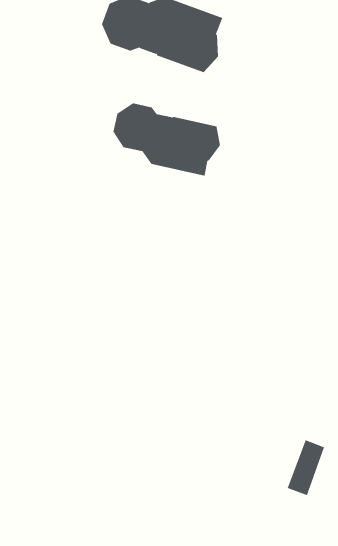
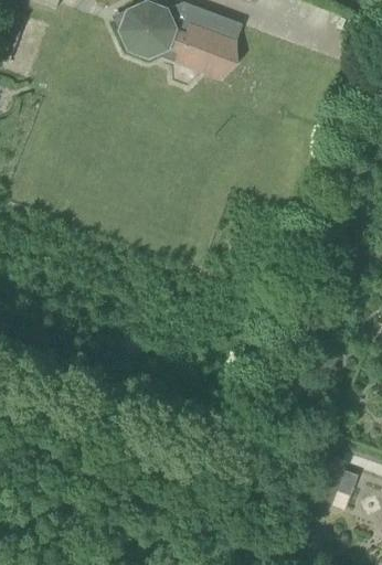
building: [113,103,220,177] -> none

